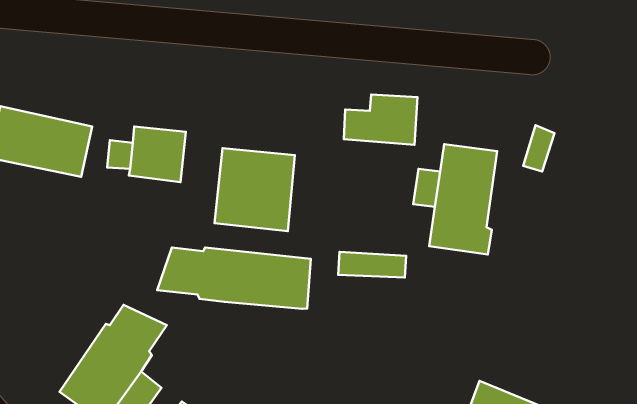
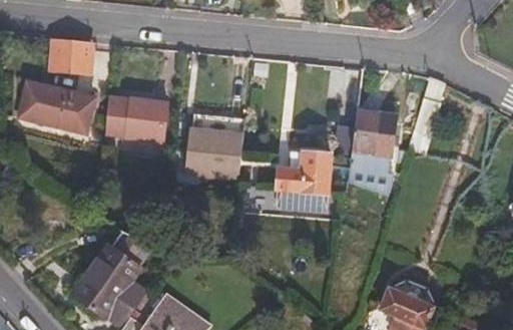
building: none -> [49,38,91,72]
building: [344,94,417,145] -> [276,152,330,190]
building: [157,247,311,309] -> none

